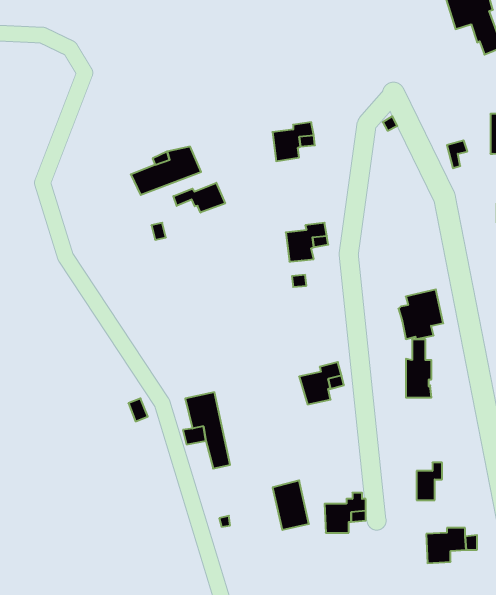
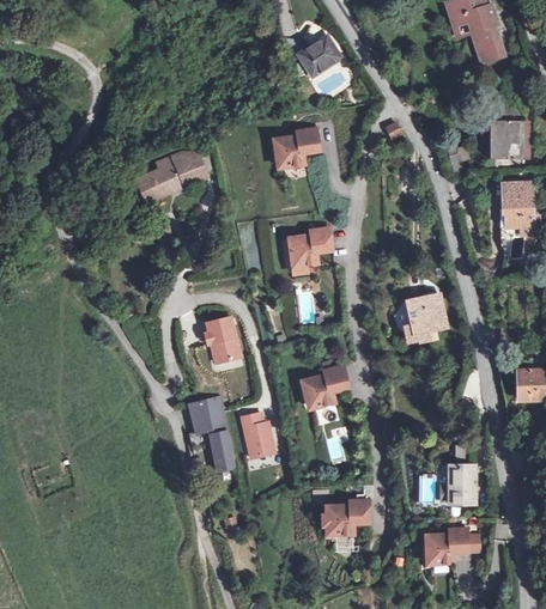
building: none -> [298,36,340,74]
building: [173,183,225,213] -> none
building: none -> [205,316,241,363]
building: [406,339,431,398] -> [449,445,474,503]
building: [273,480,309,530] -> [239,409,275,458]

